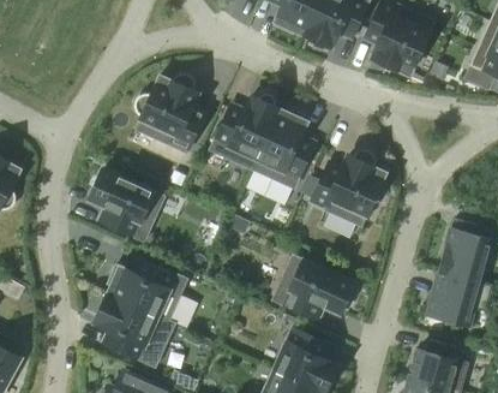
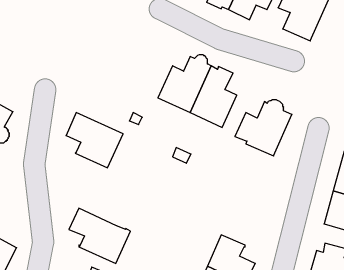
building: [134,75,202,154] -> none
building: [272,256,355,318] -> none
building: [107,261,186,322] -> none

